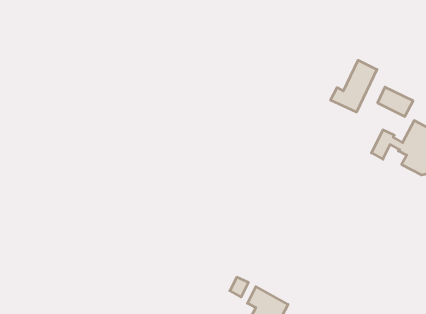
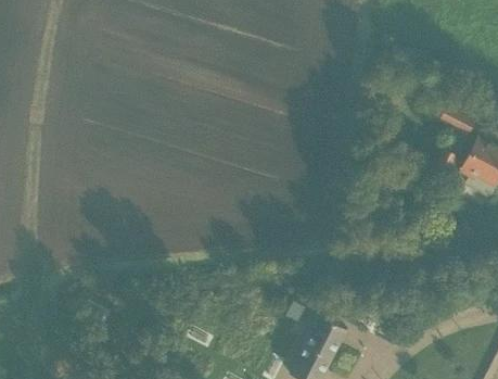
building: [331,60,377,112] -> none

